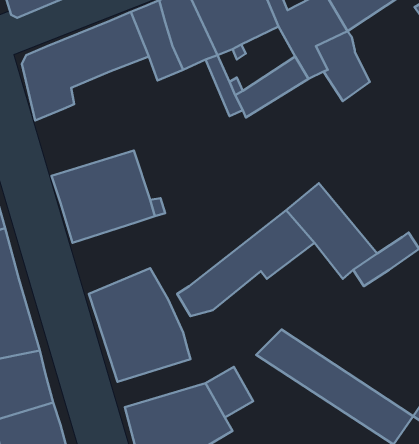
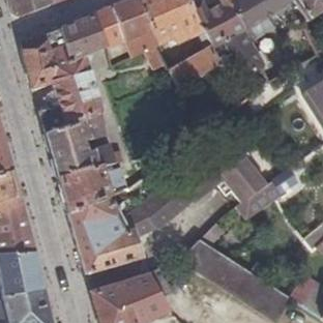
building: none -> [37,57,99,129]
building: none -> [57,162,129,211]

